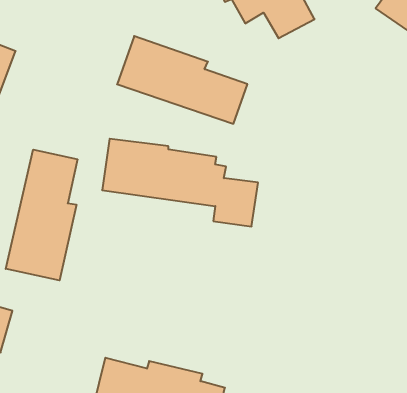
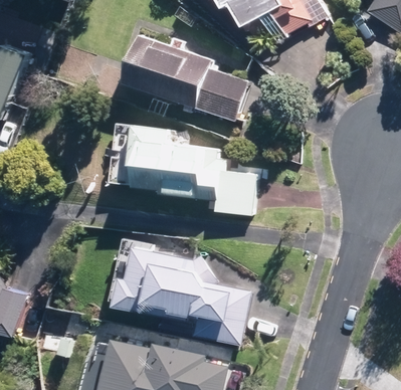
building: [6,150,77,280] -> none
building: none -> [111,247,250,344]

